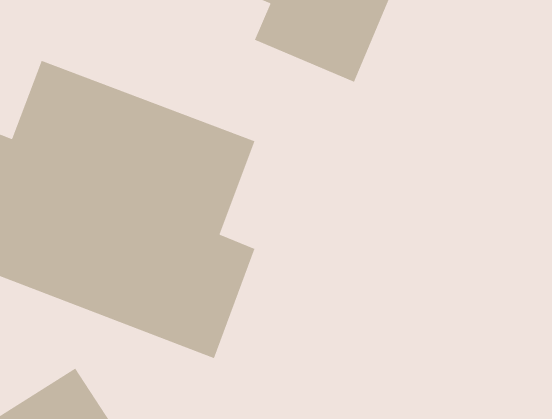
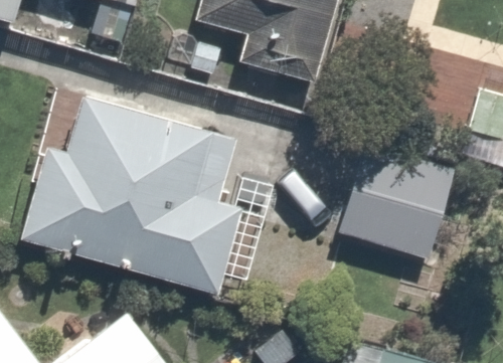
building: none -> [333,145,453,263]

